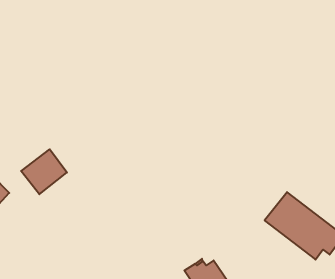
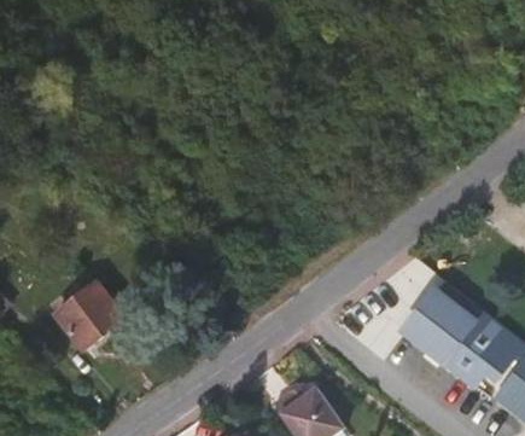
building: [21,149,67,194] -> [66,284,133,349]

